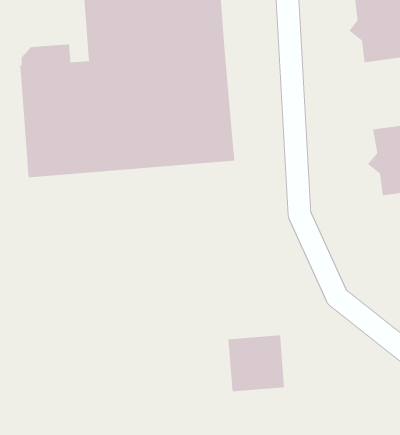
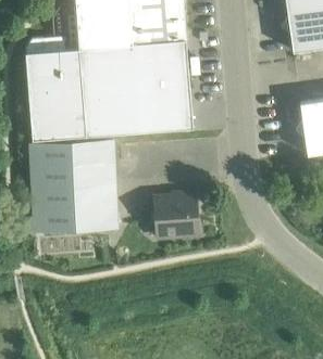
building: none -> [30,139,120,232]
building: [228,335,285,392] -> [154,194,199,239]

